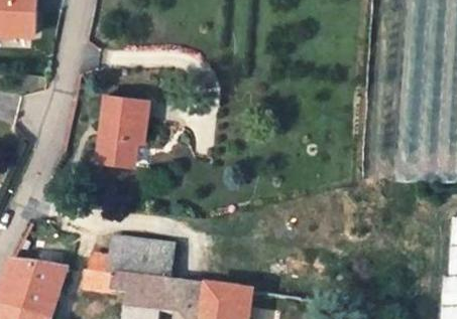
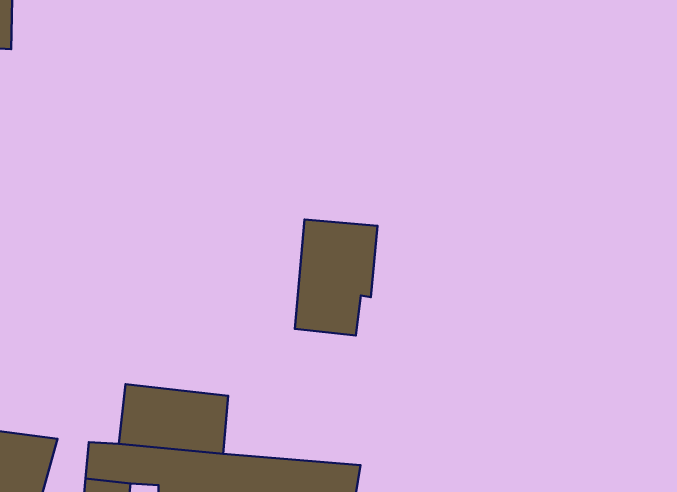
building: [85,97,135,167] -> [295,219,378,335]

